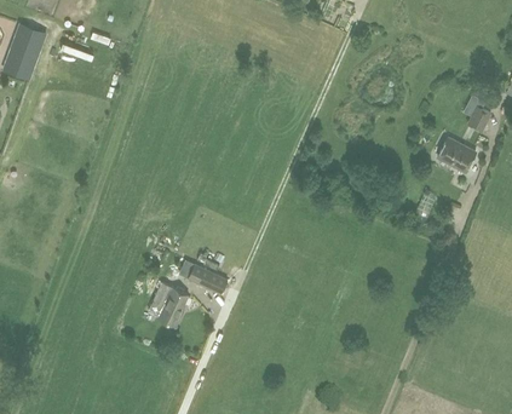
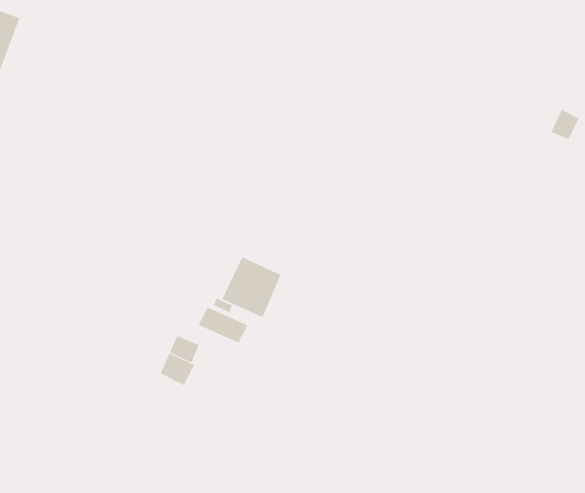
building: [438,137,477,169] -> none
building: none -> [221,257,281,318]

